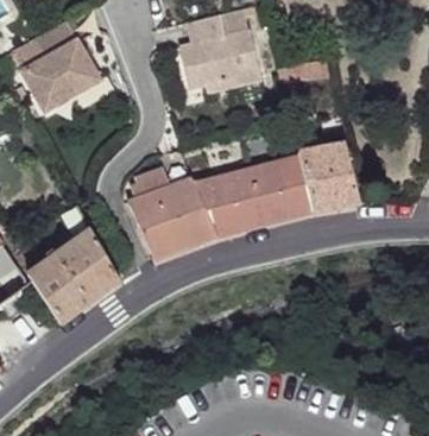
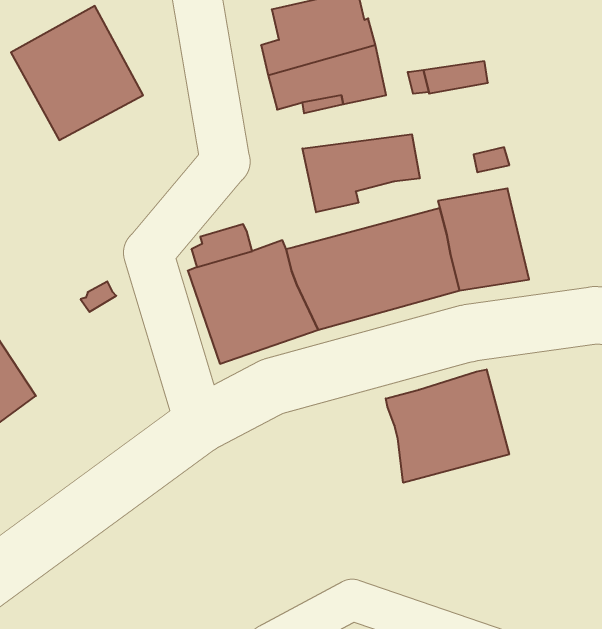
building: none -> [302,134,420,212]
building: [27,227,118,322] -> none
building: none -> [386,369,509,483]

